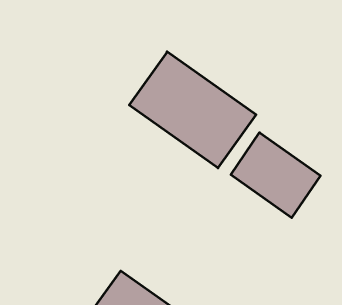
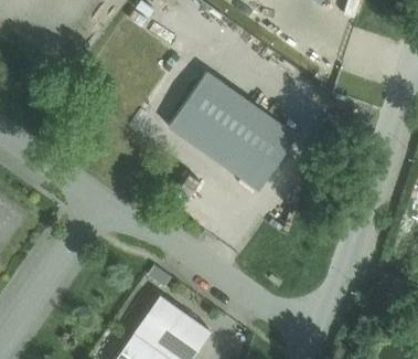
building: [231,133,320,218] -> none

